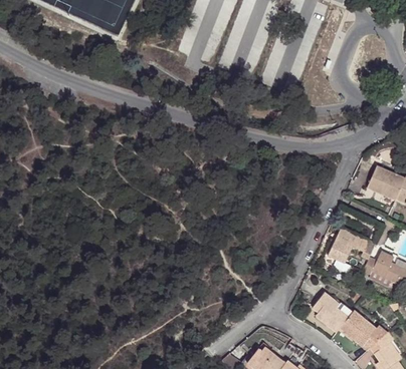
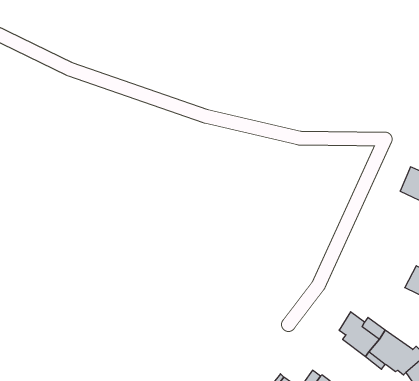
building: [327,228,375,265] -> none

